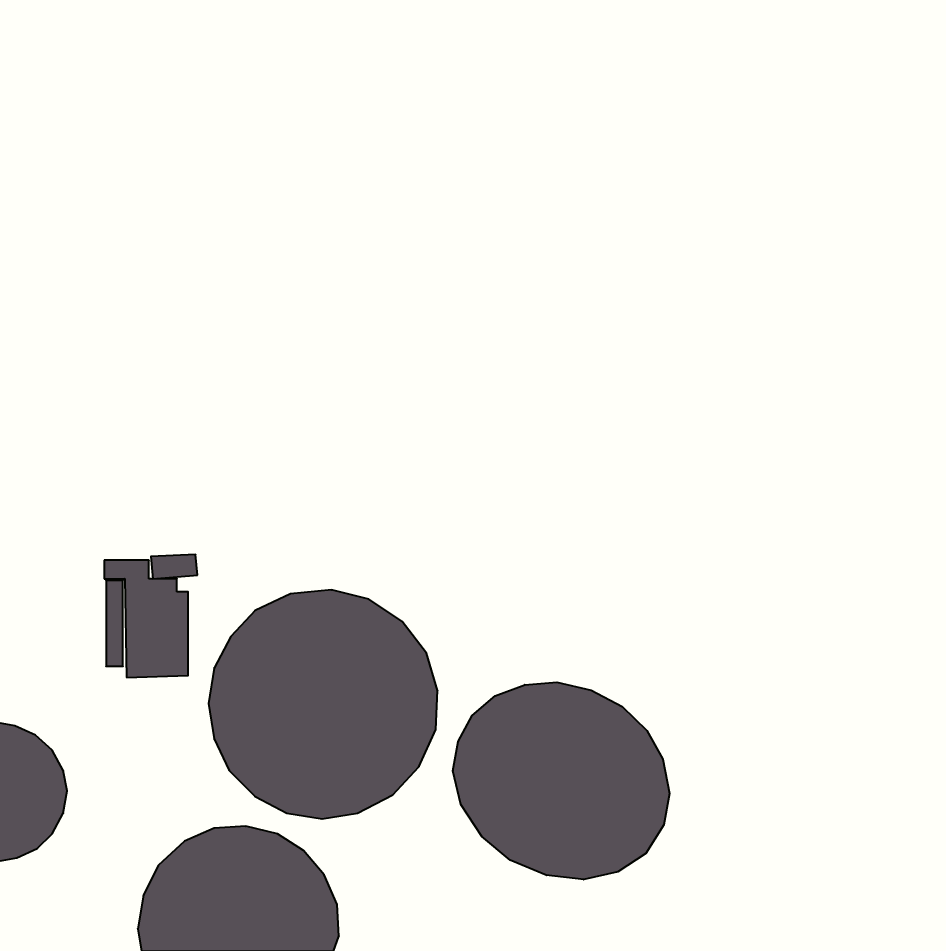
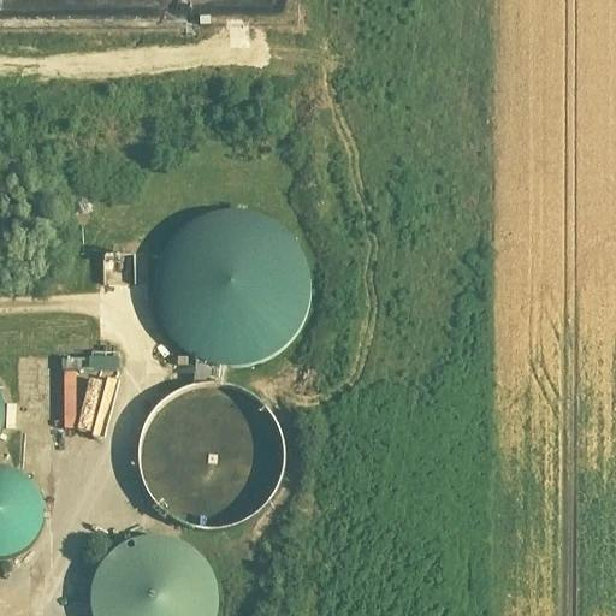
building: none -> [153,208,309,366]
building: [453,682,670,880] -> none

